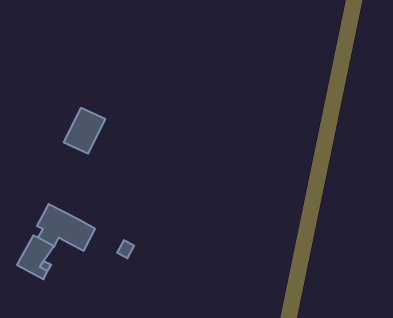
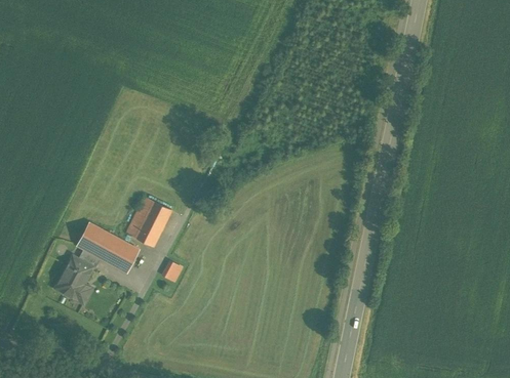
building: [64,108,105,154] -> [126,197,171,246]

